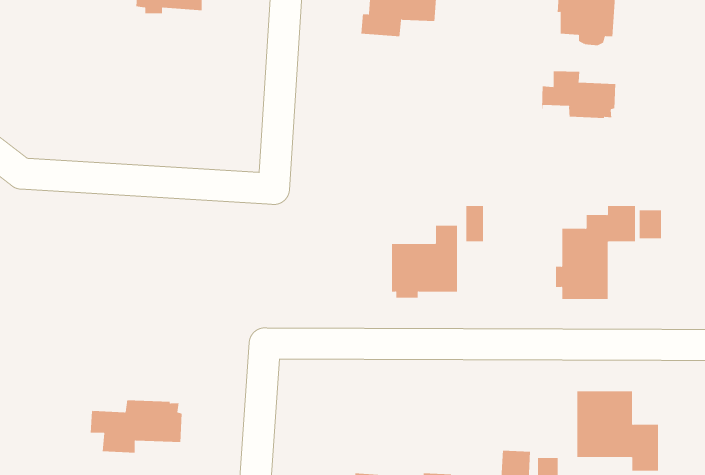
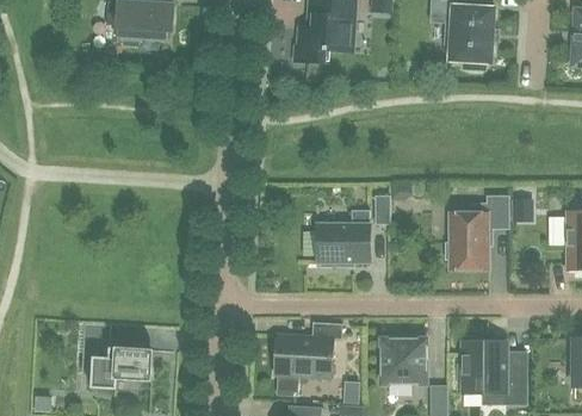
building: [541,70,616,119] -> none
building: none -> [274,321,342,378]
building: none -> [384,335,425,381]

